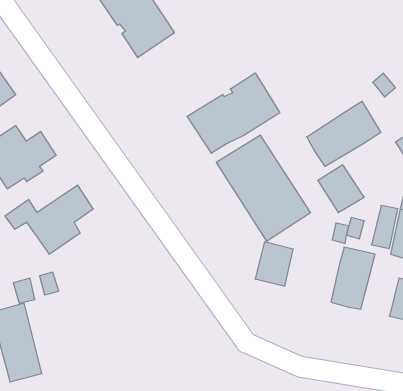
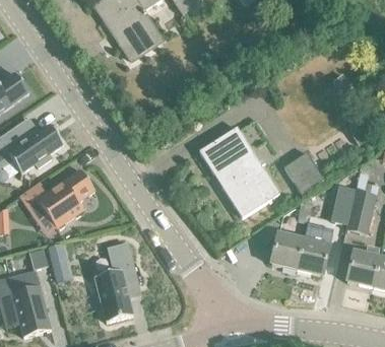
building: [187,73,280,153] -> none
building: [307,101,381,167] -> none
building: [255,242,293,286] -> [271,231,304,269]
building: none -> [94,242,137,322]

